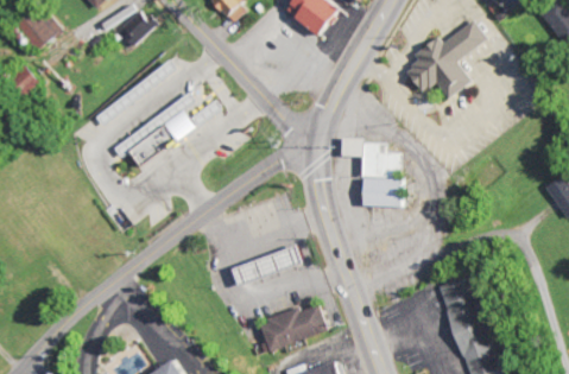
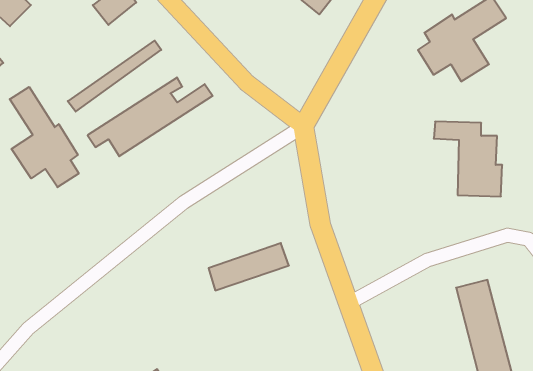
building: none -> [10,87,79,187]
building: [343,140,405,208] -> [434,122,502,196]
building: [248,304,317,350] -> none

